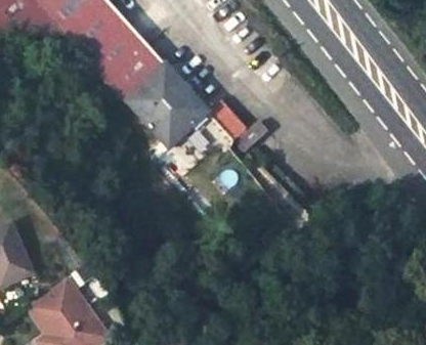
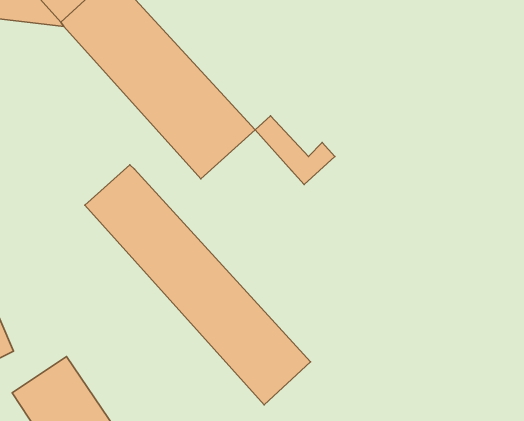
building: none -> [85,165,310,405]

